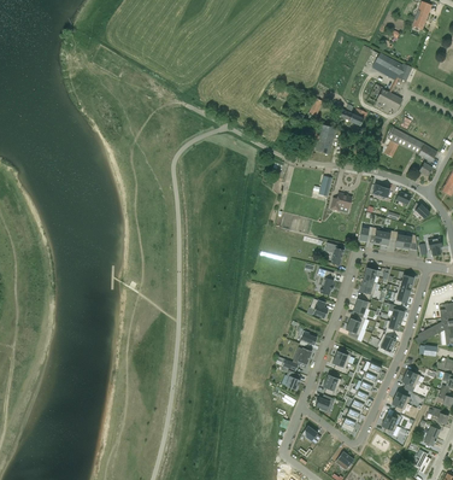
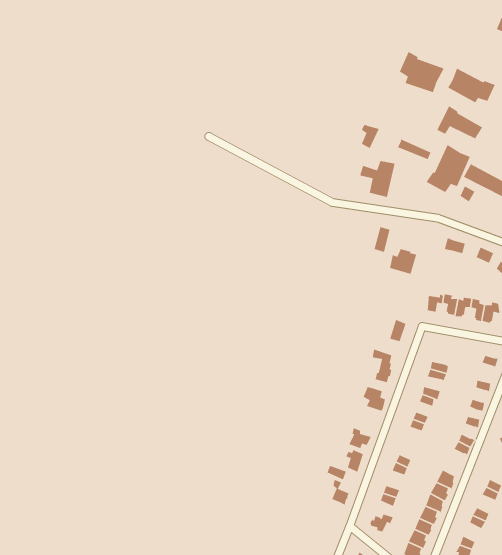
building: none -> [399,51,445,93]
building: none -> [425,144,471,193]

